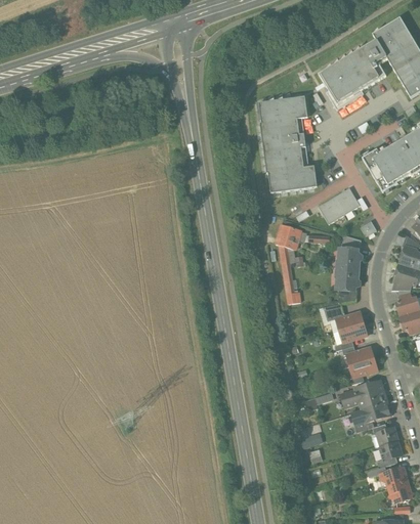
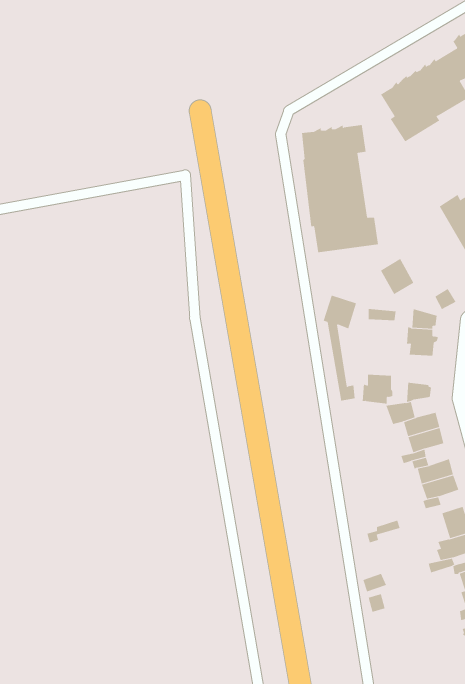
building: [334,186,360,214] -> none
building: [336,268,360,291] -> [362,374,393,404]
building: [342,387,371,408] -> none

